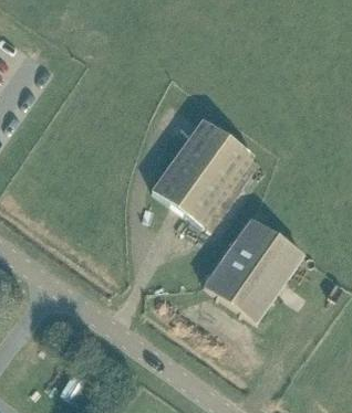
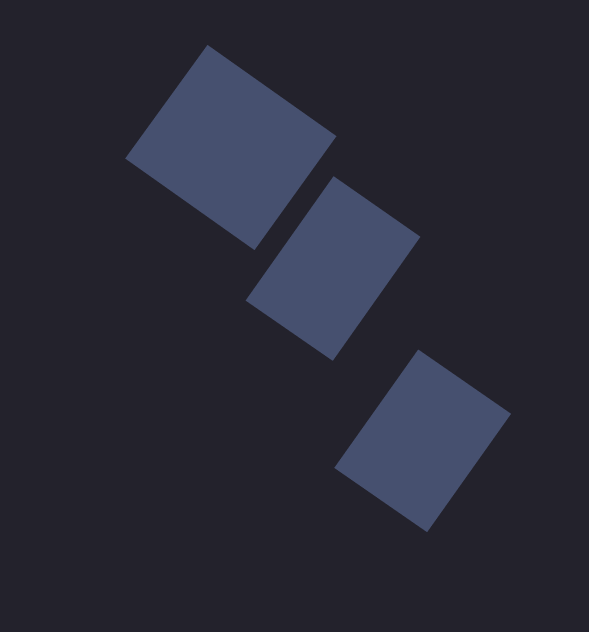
building: none -> [124,44,338,251]

